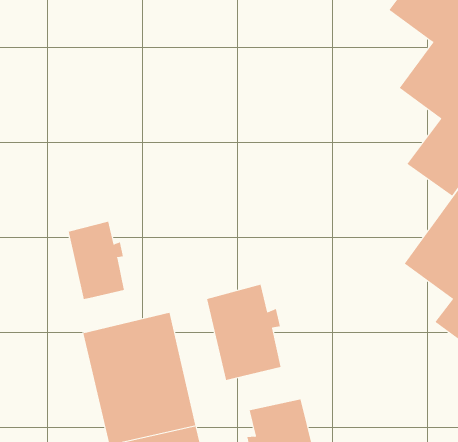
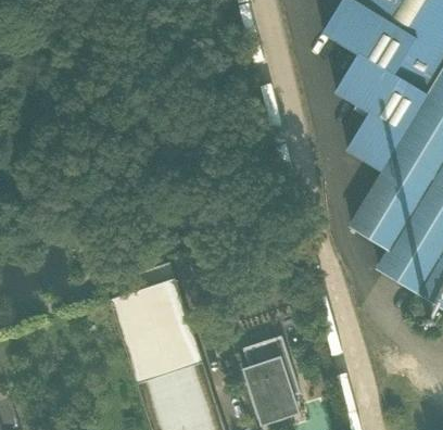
building: [68,221,125,300] -> none
building: [206,284,281,381] -> none

